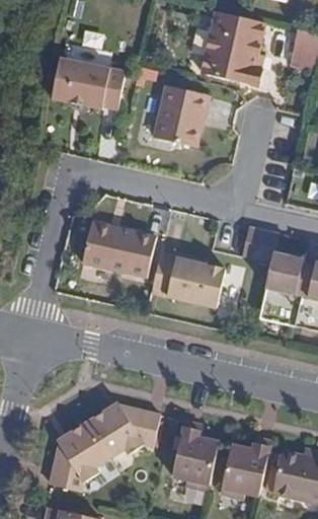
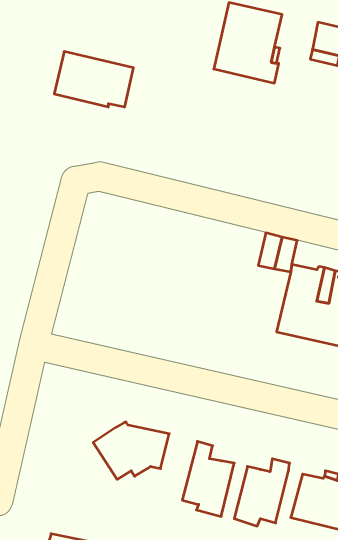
building: [153,84,210,146] -> none
building: [82,218,156,275] -> none
building: [151,250,225,306] -> none
building: [51,421,110,491] -> none

